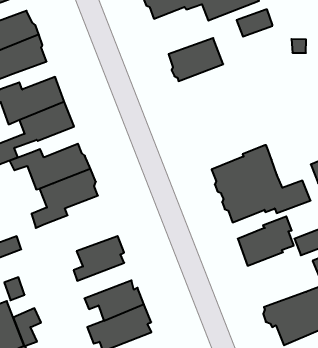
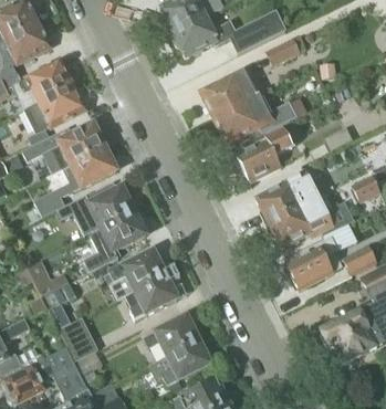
building: none -> [213,93,294,140]
building: none -> [236,128,292,181]
building: none -> [109,249,169,297]

